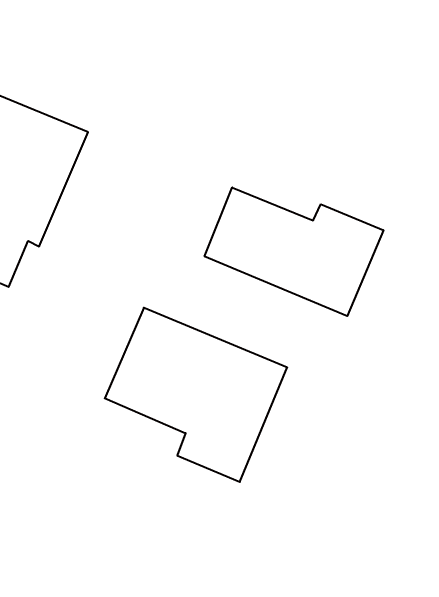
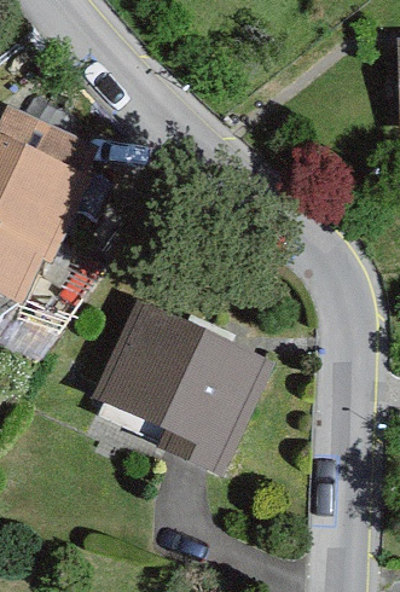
building: [205,187,383,316] -> none

